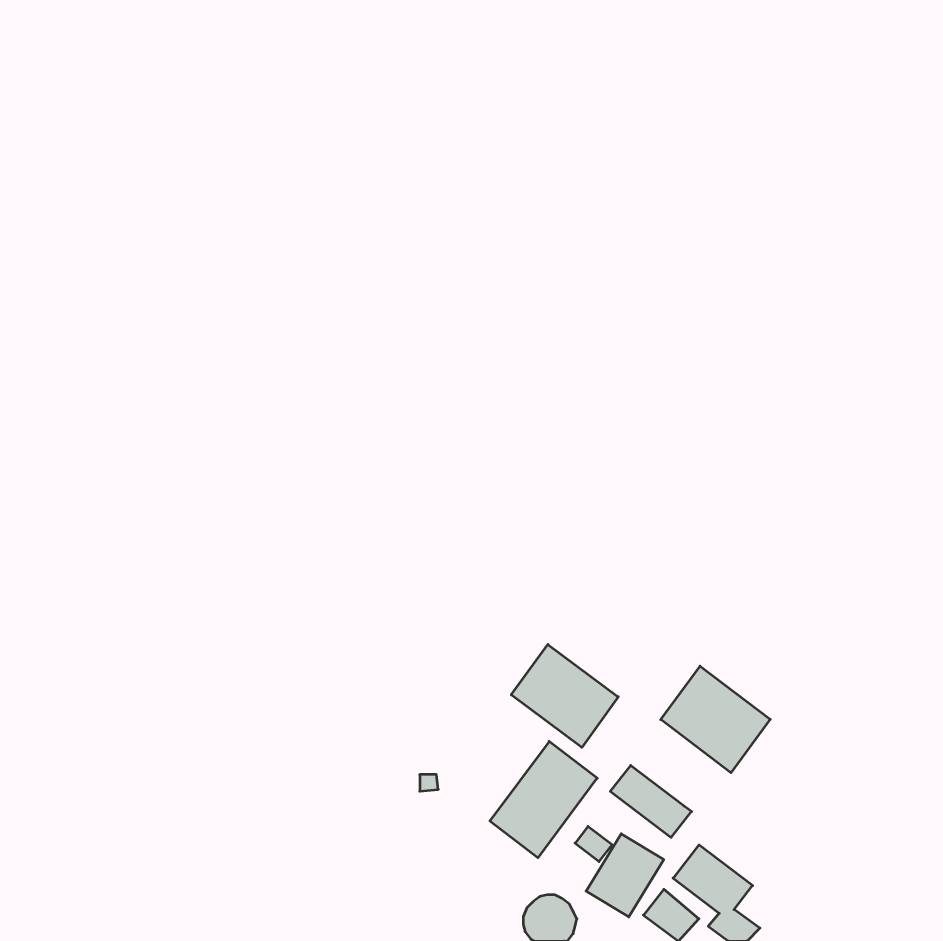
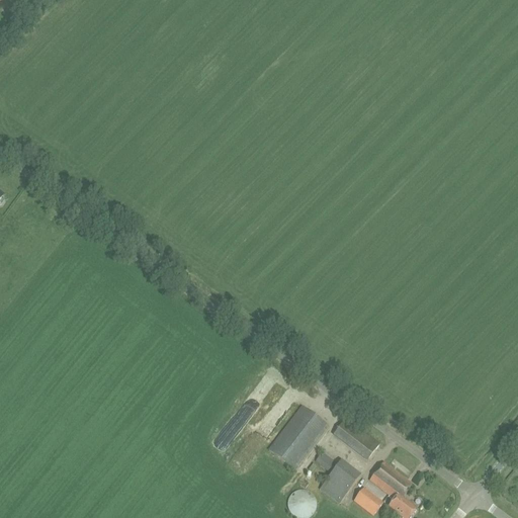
building: [511,644,618,747] -> none
building: [661,666,770,773] -> none

